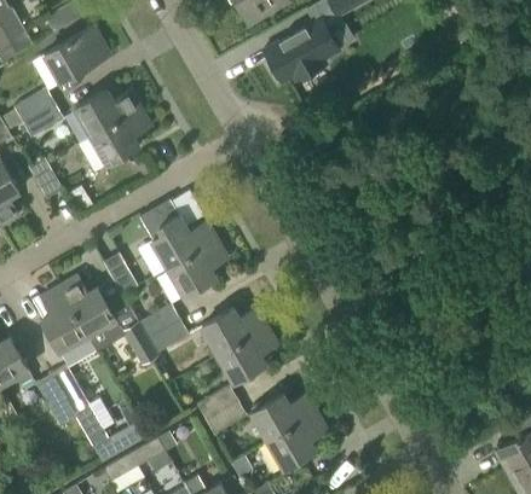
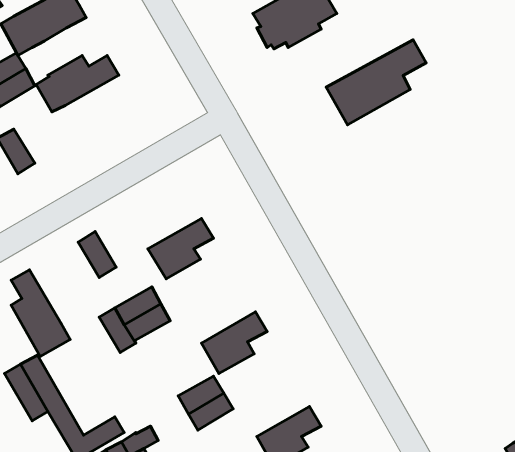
building: none -> [326,40,426,125]
building: [91,109,150,164] -> none
building: [139,199,217,268] -> none
building: [58,277,115,337] -> none
building: [201,308,266,355] -> none
building: [250,395,316,441] -> none

